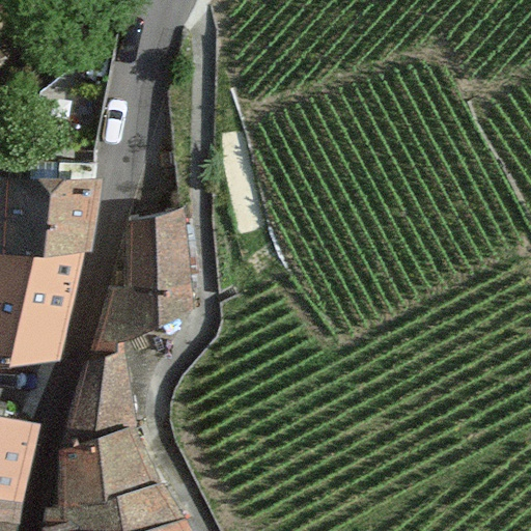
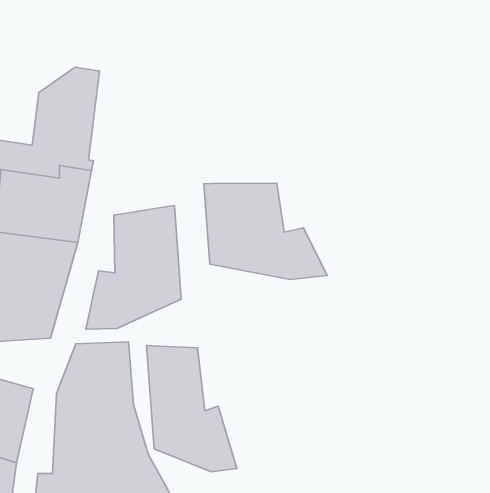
building: none -> [204,183,327,279]
building: none -> [147,346,237,472]

